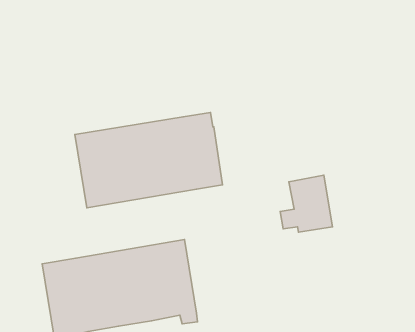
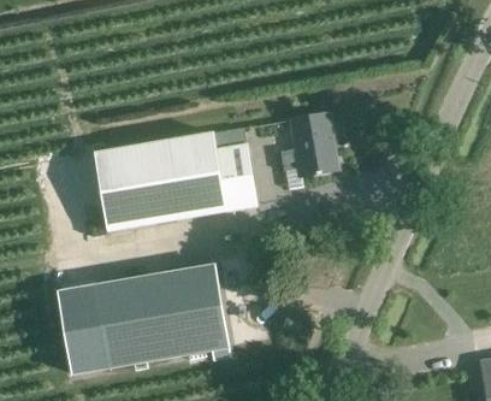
building: [280,175,333,232] -> [280,111,338,173]

